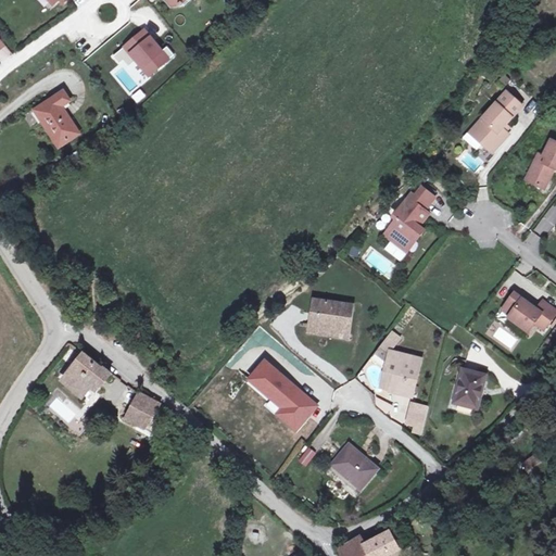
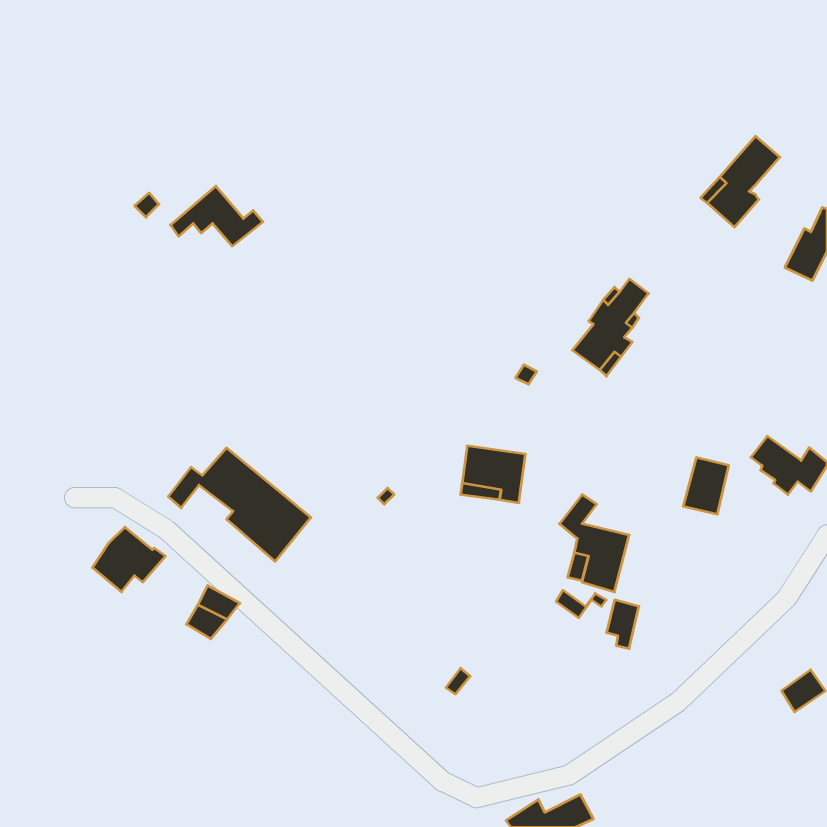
building: [110,30,172,71] -> [170,186,263,246]
building: [35,91,78,146] -> none
building: [223,357,318,433] -> [168,448,311,561]
building: [454,369,484,407] -> [683,458,729,514]
building: [336,444,377,488] -> none

